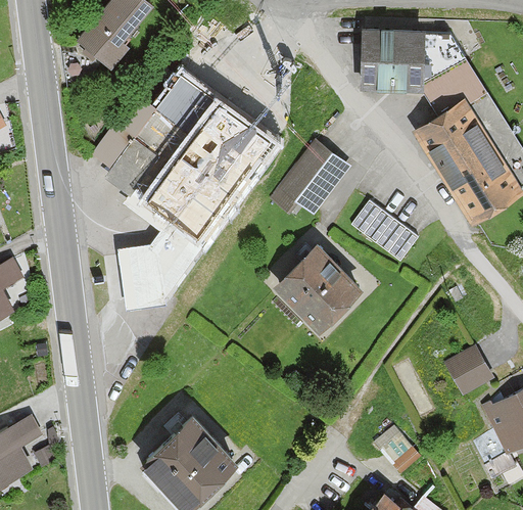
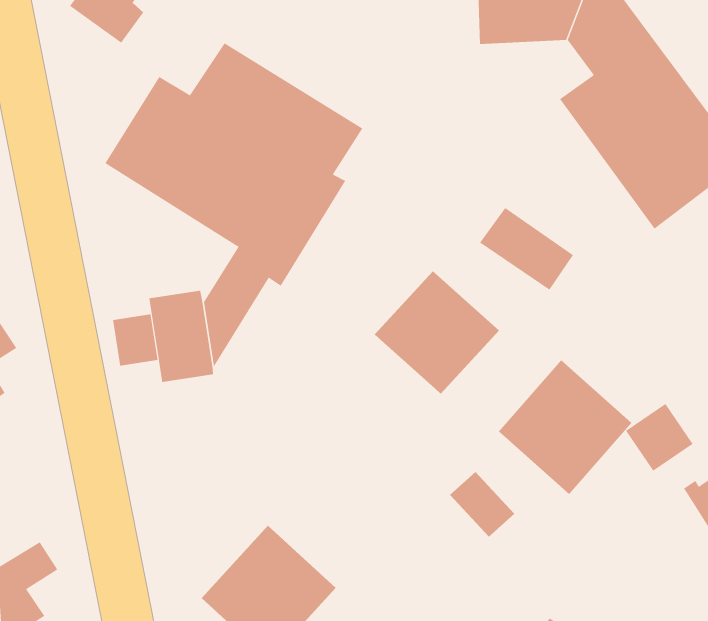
building: [271,140,350,216] -> none
building: none -> [112,313,158,366]
building: none -> [498,359,632,495]
building: [375,426,420,473] -> [449,471,515,538]

